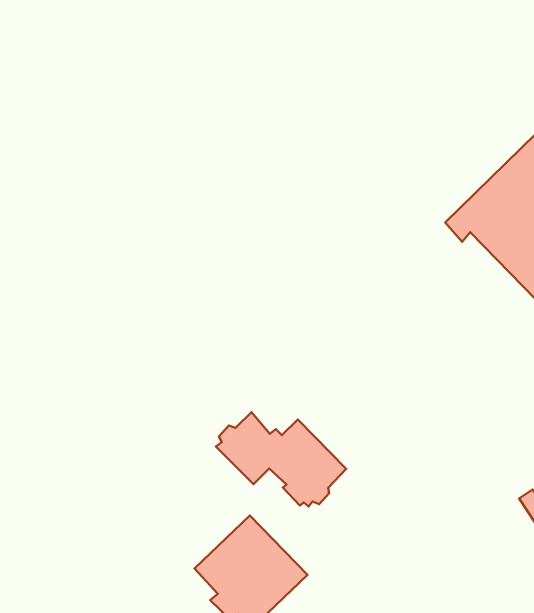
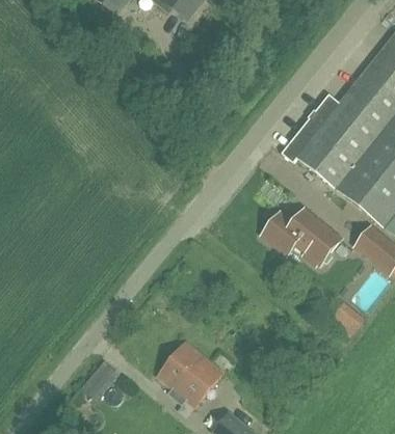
building: [216,412,346,506] -> [261,211,340,263]
building: none -> [80,360,116,399]

